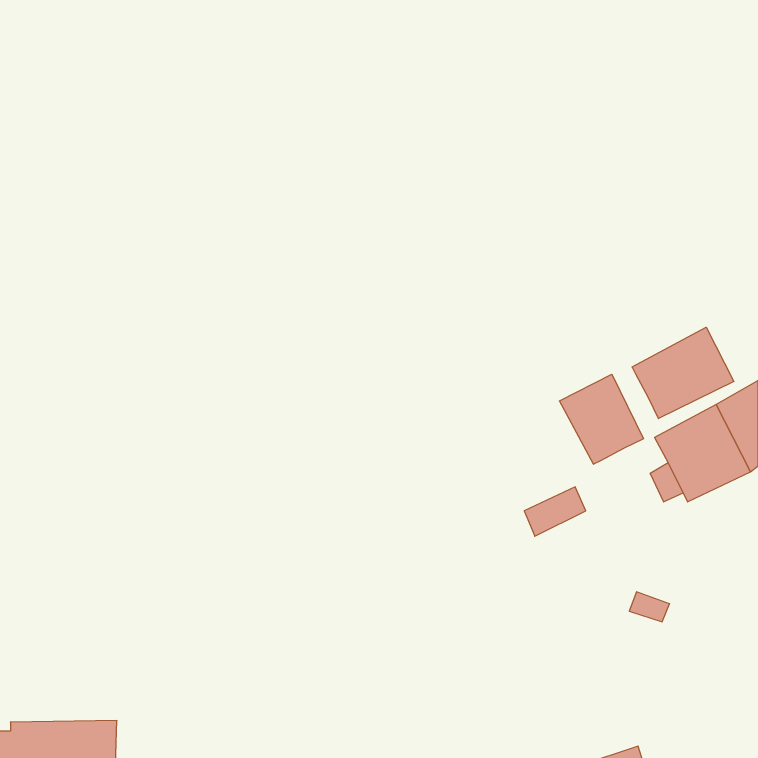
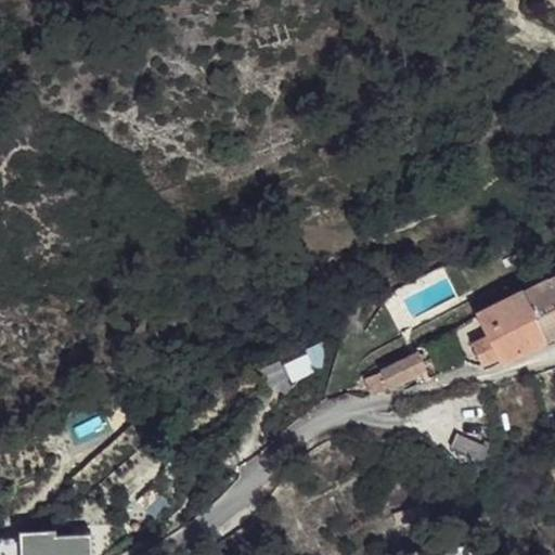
building: [632,327,734,419] -> none
building: [559,374,644,464] -> none

